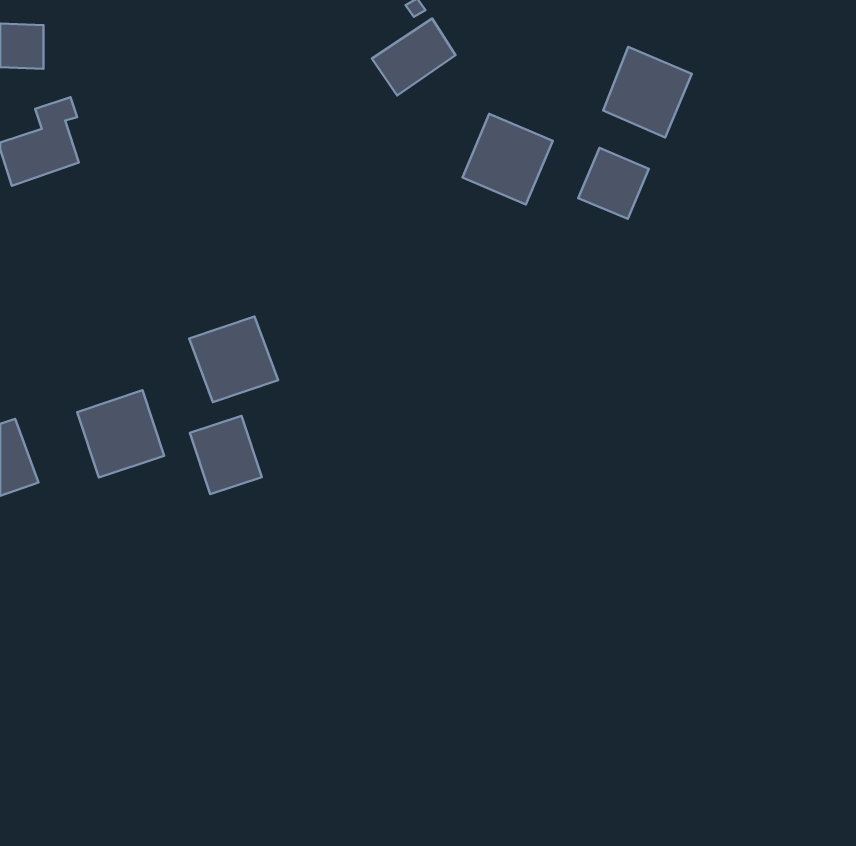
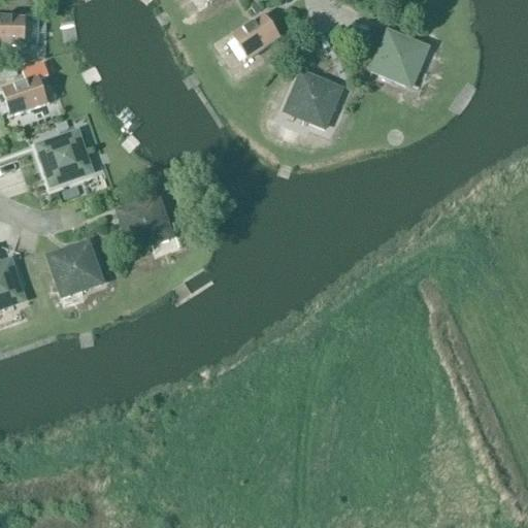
building: [578,148,649,219] -> none
building: none -> [37,129,91,184]
building: [190,416,262,494] -> none

